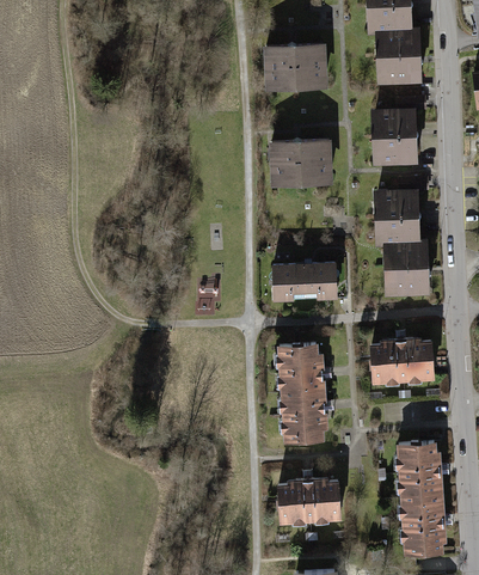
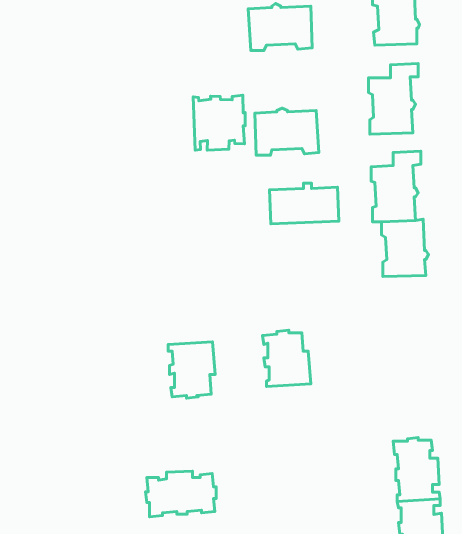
building: none -> [193,95,245,150]
building: [272,261,336,298] -> [270,183,339,224]
building: [369,340,434,381] -> none
building: [282,391,325,442] -> [168,342,215,398]
building: [276,479,340,521] -> [145,471,216,517]

